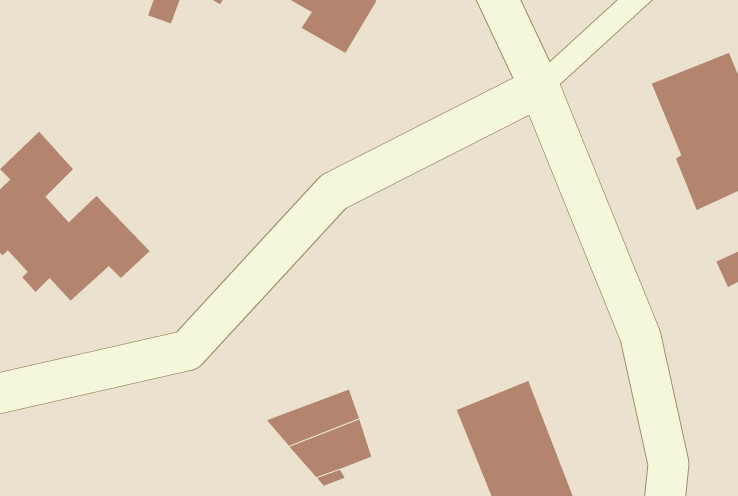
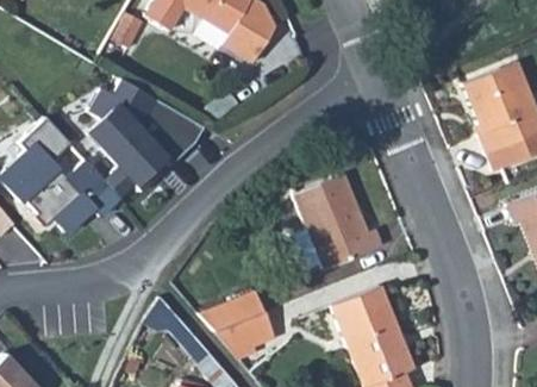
building: none -> [86,79,205,192]
building: none -> [296,175,382,268]

